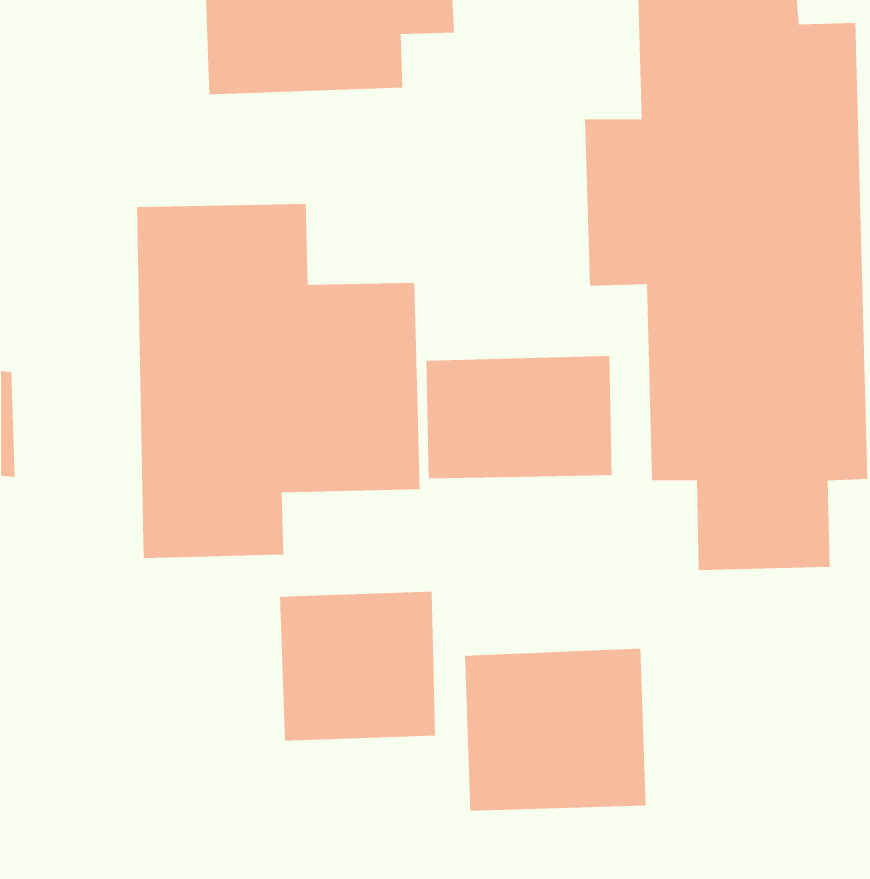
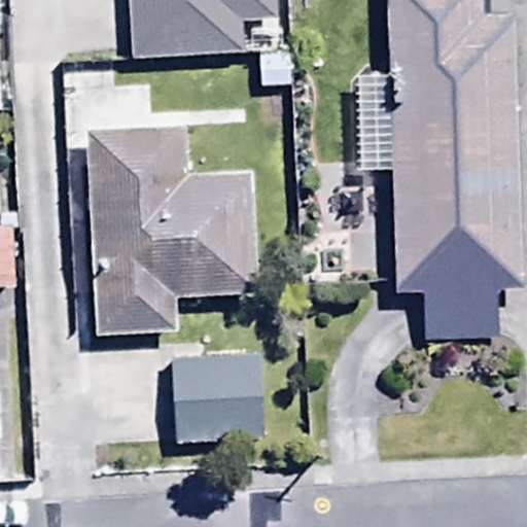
building: [426,355,612,479] -> none
building: [465,648,646,812] -> none

